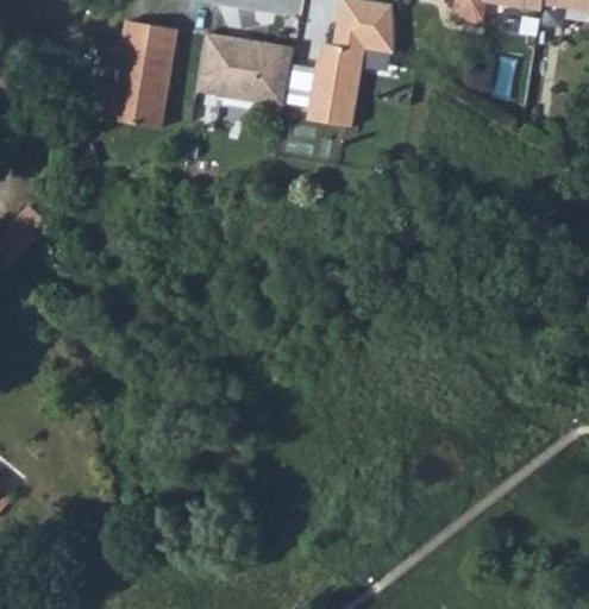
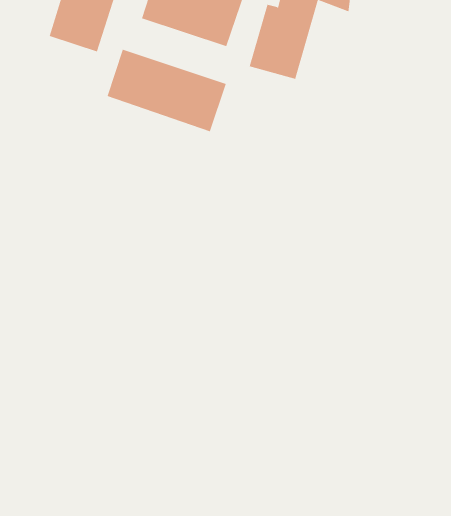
building: none -> [107,49,227,132]

